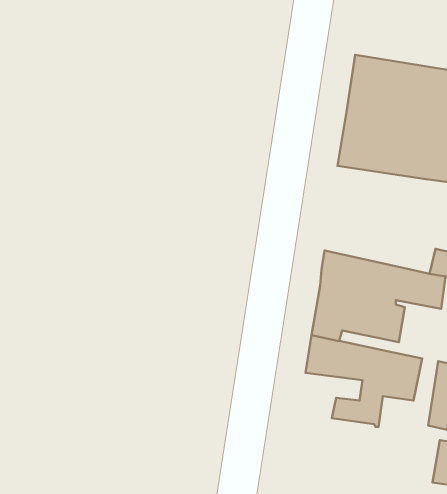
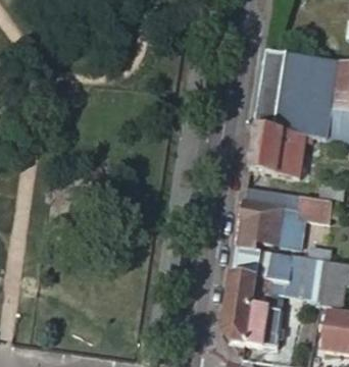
building: none -> [249,127,315,176]
building: none -> [222,272,282,348]

